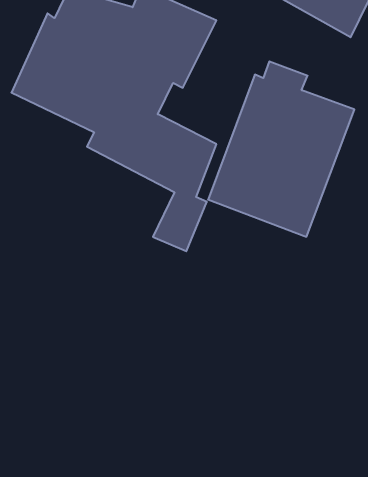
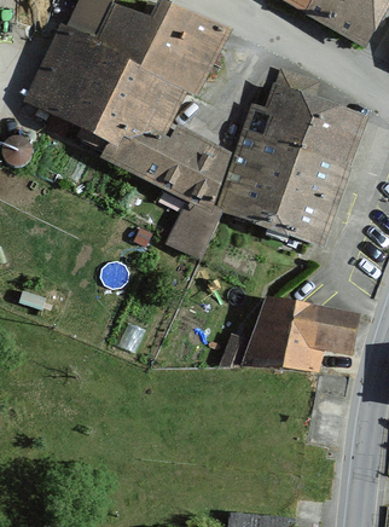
building: none -> [240,297,353,372]

